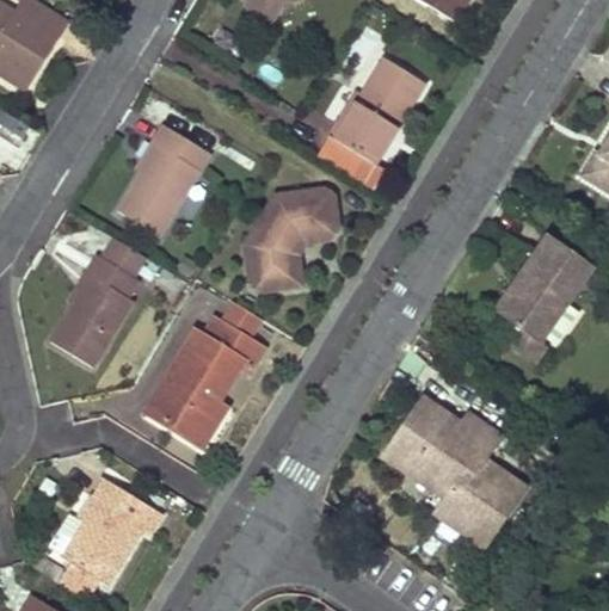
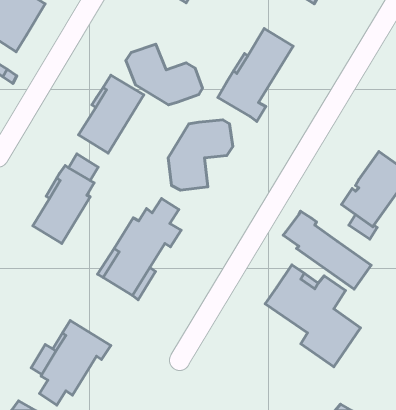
building: none -> [126,44,203,105]
building: none -> [283,211,371,289]

